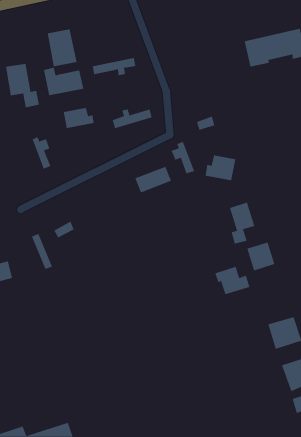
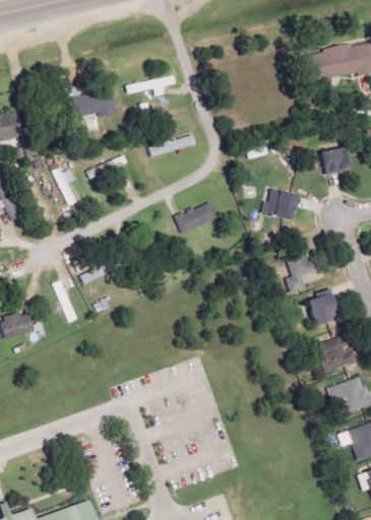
building: [47,29,77,67] -> none
building: [5,63,39,108] -> none
building: [63,107,94,129] -> none
building: none -> [320,145,352,174]
building: [171,141,195,174] -> none
building: [215,266,250,295] -> [316,337,358,371]

